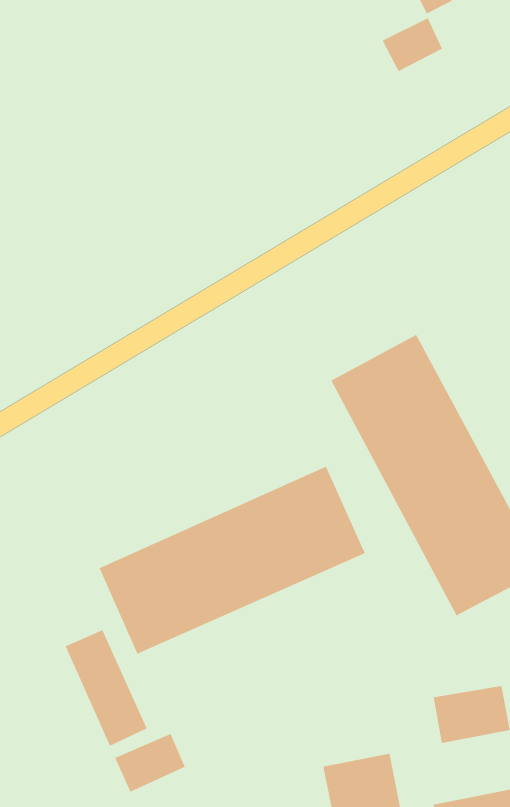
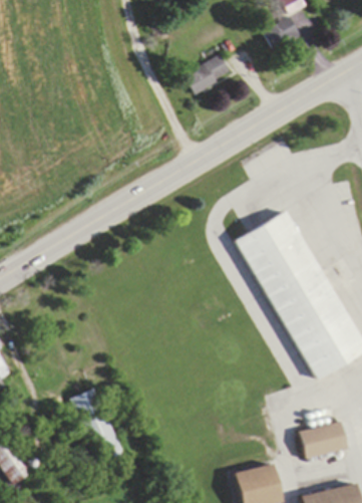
building: none -> [188,54,235,93]
building: [99,466,366,654] -> none
building: [115,733,186,792] -> none

